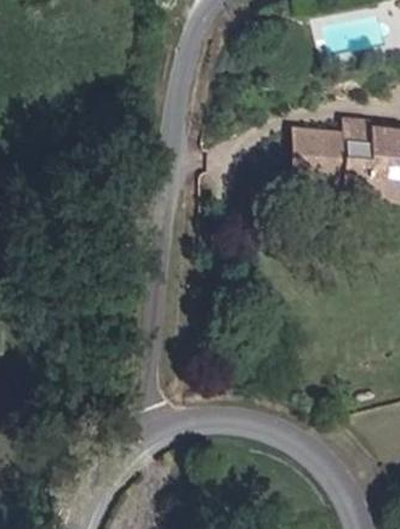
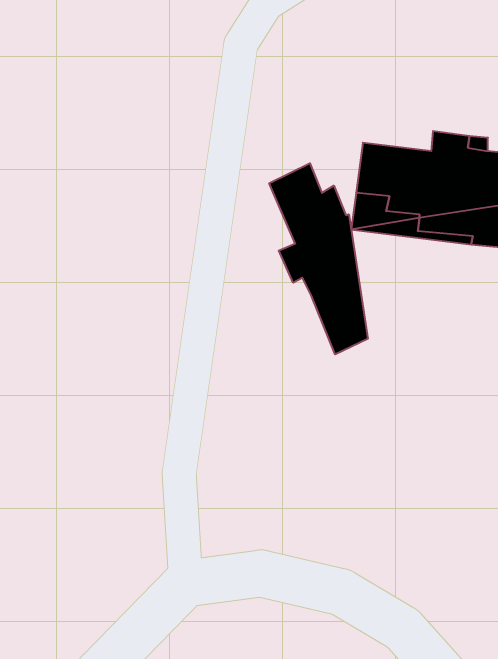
building: none -> [269,163,368,354]

